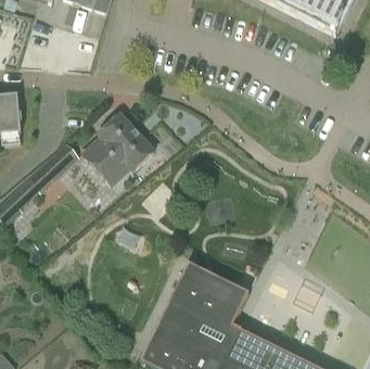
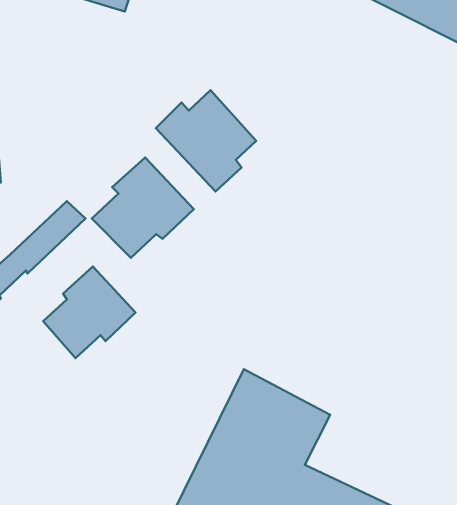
building: none -> [156,90,256,192]
building: none -> [43,266,135,358]

